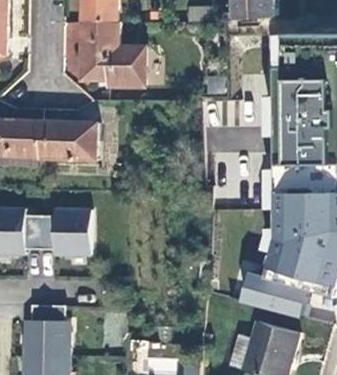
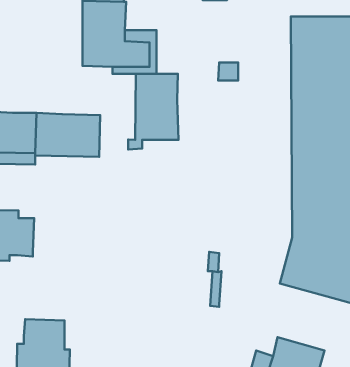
building: none -> [128,74,178,149]
building: [37,209,90,254] -> none
building: [240,271,308,317] -> none

